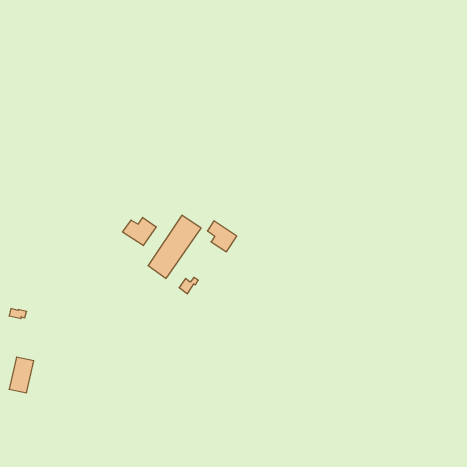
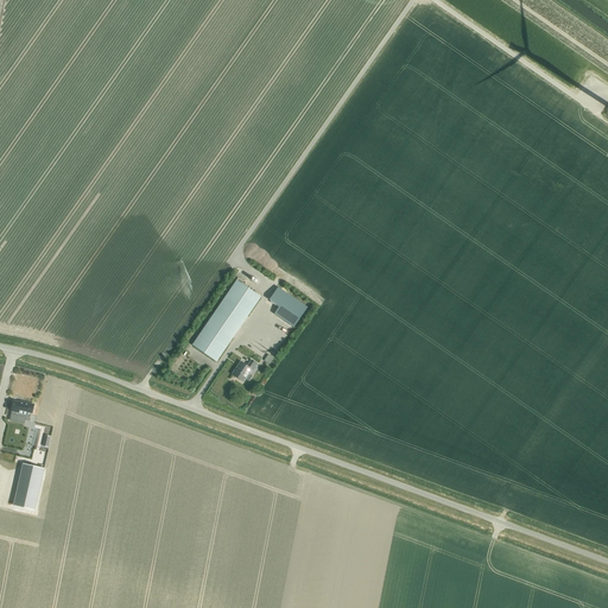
building: [123,217,156,246] -> none

